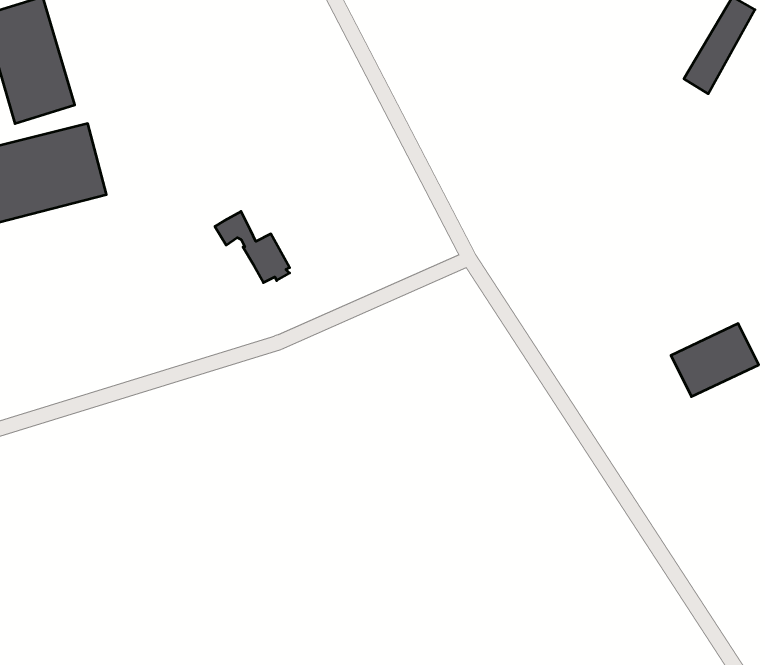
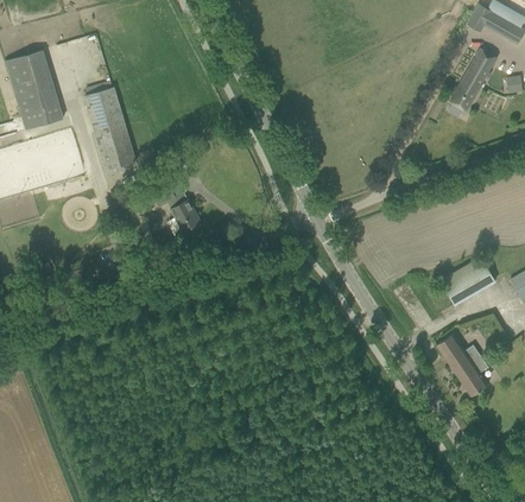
building: none -> [83,85,137,170]
building: none -> [435,333,487,395]

